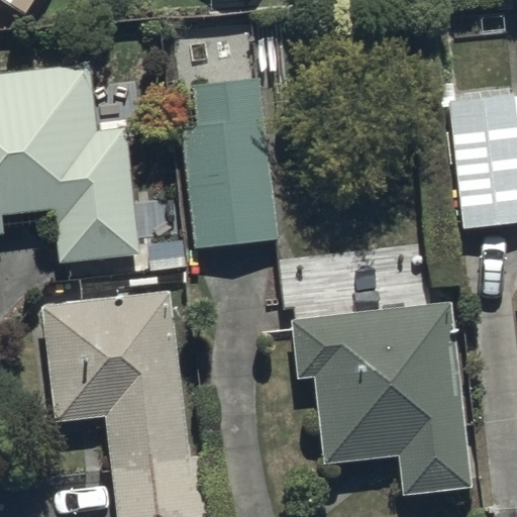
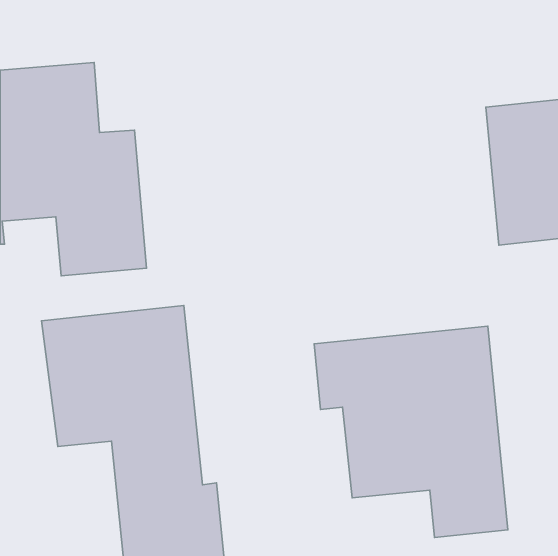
building: [183,81,277,251] -> none

